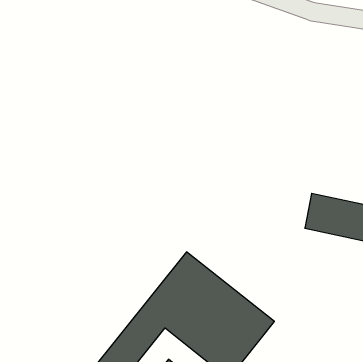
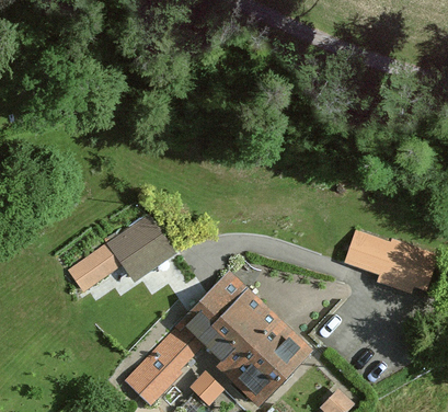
building: none -> [68,217,172,291]

